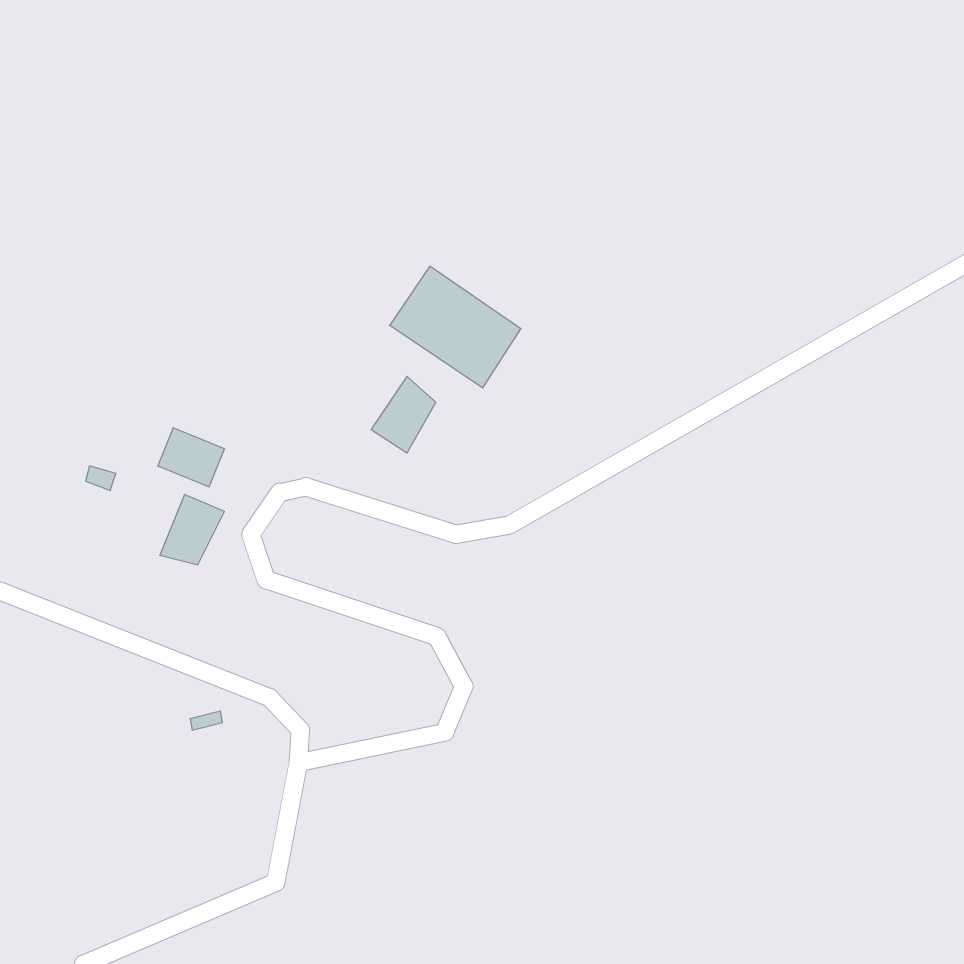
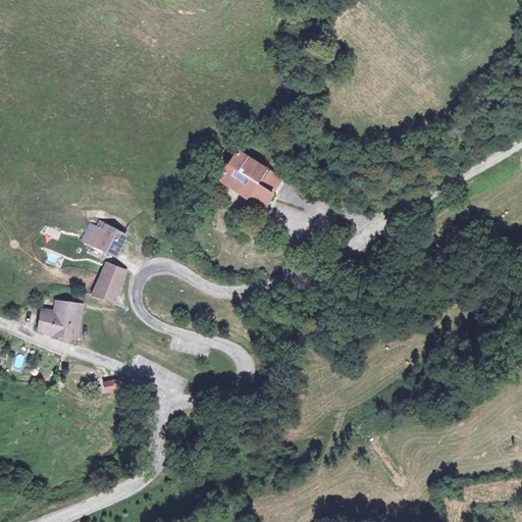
building: [371,376,436,453] -> none
building: none -> [40,298,85,338]

